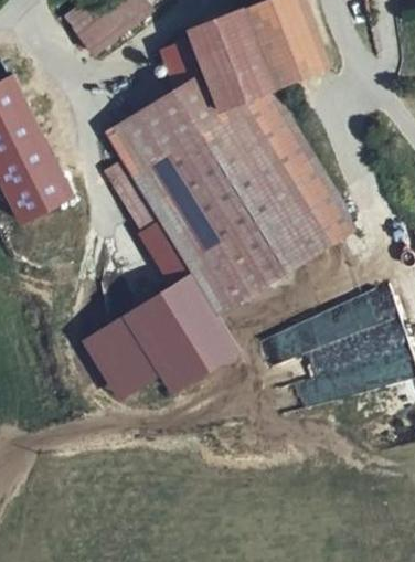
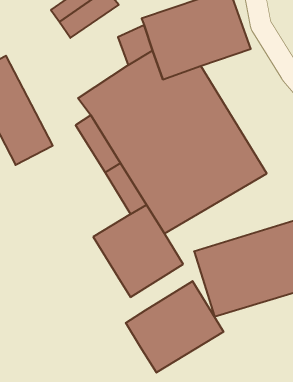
building: [84,314,160,396] -> none
building: none -> [126,281,223,373]

